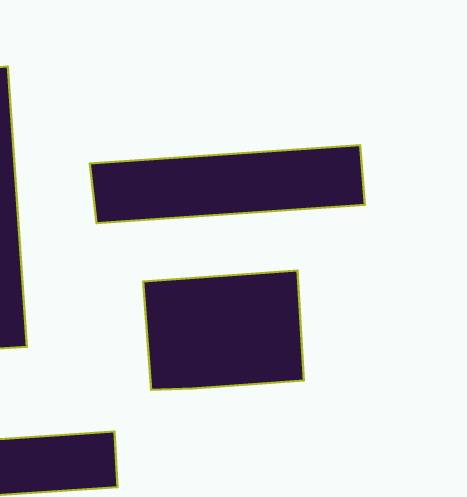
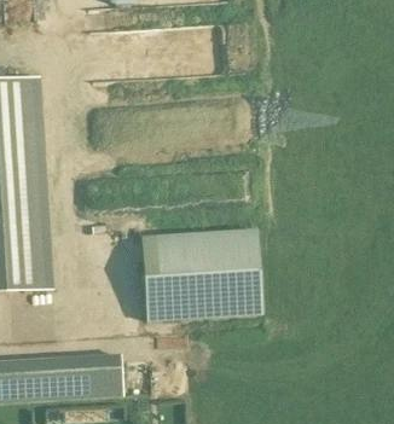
building: [90,145,365,223] -> none

